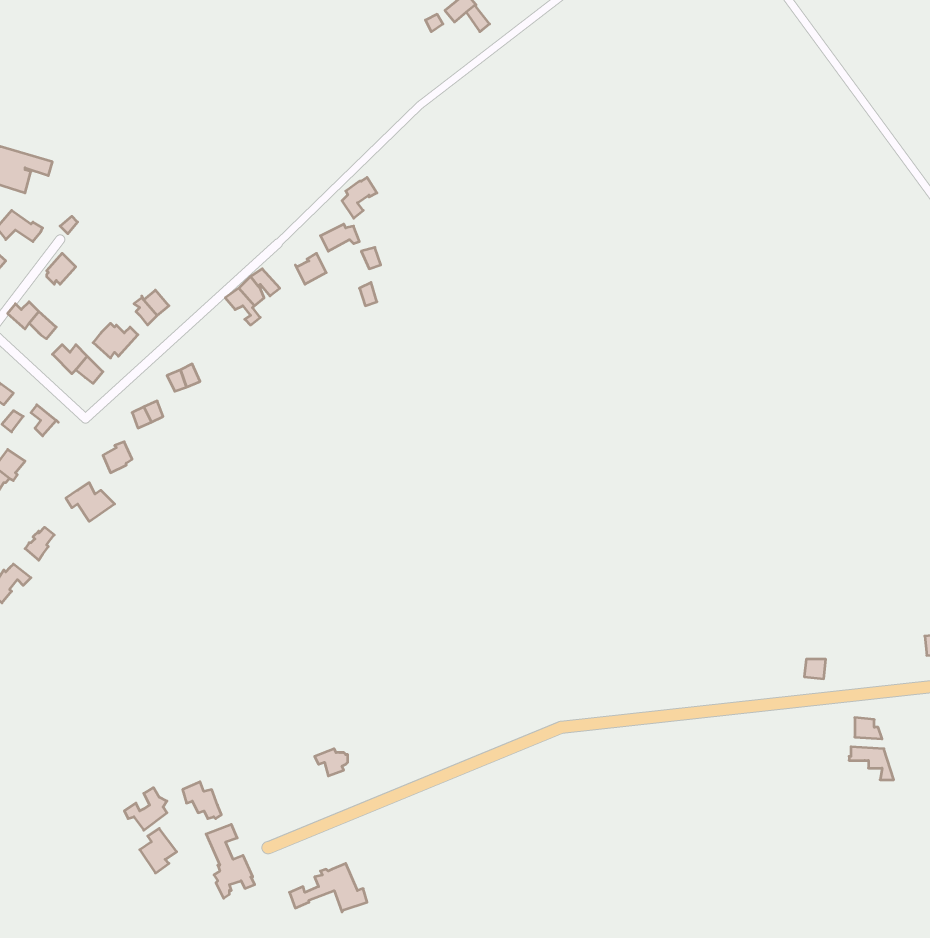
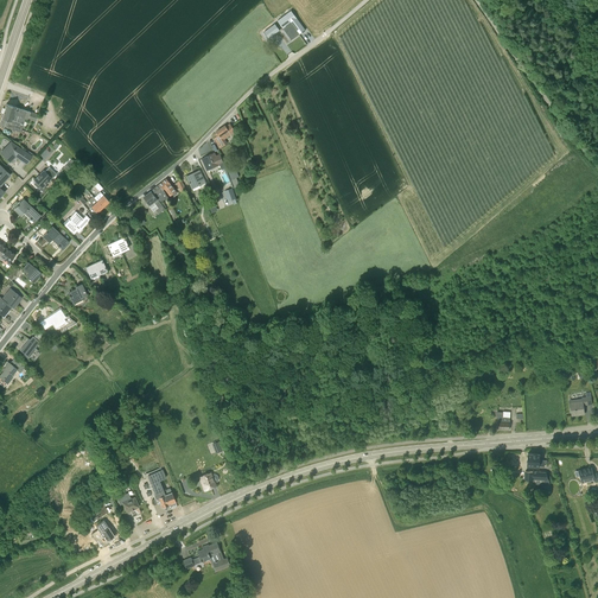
building: [206,824,255,898] -> [146,470,176,515]

